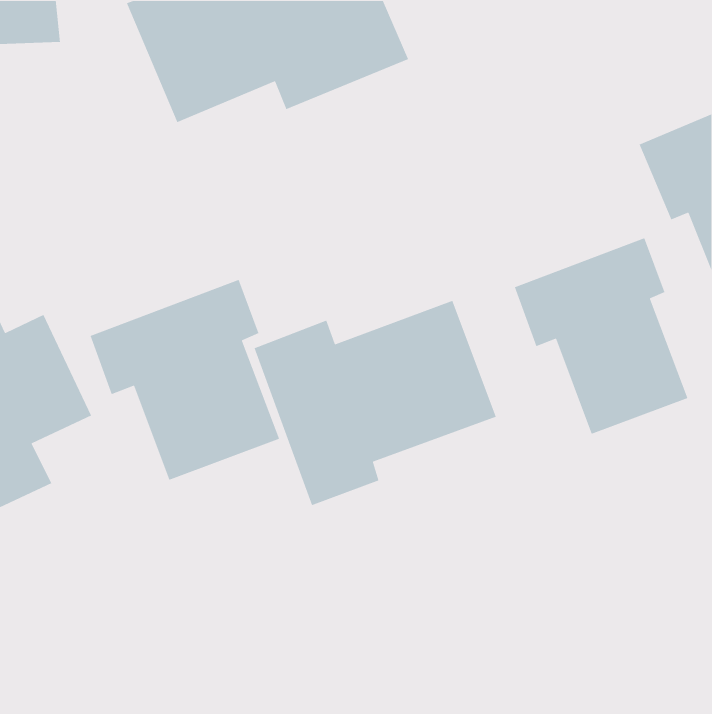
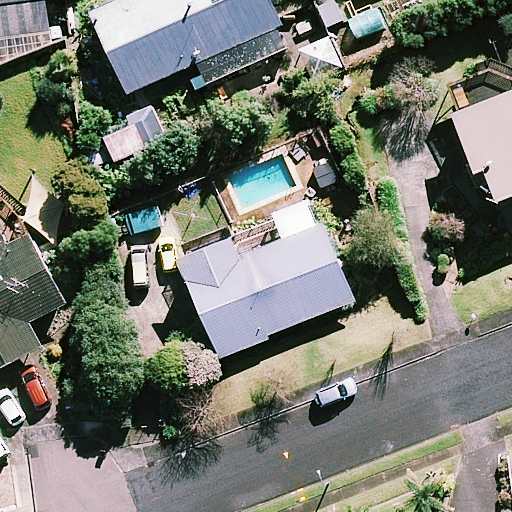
building: [514,237,689,435] -> none
building: [90,279,280,481] -> none

